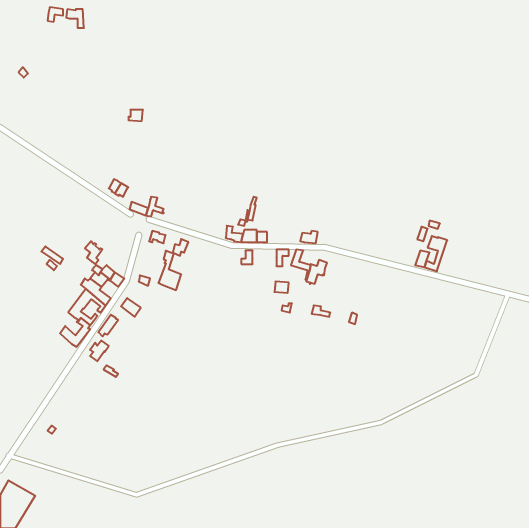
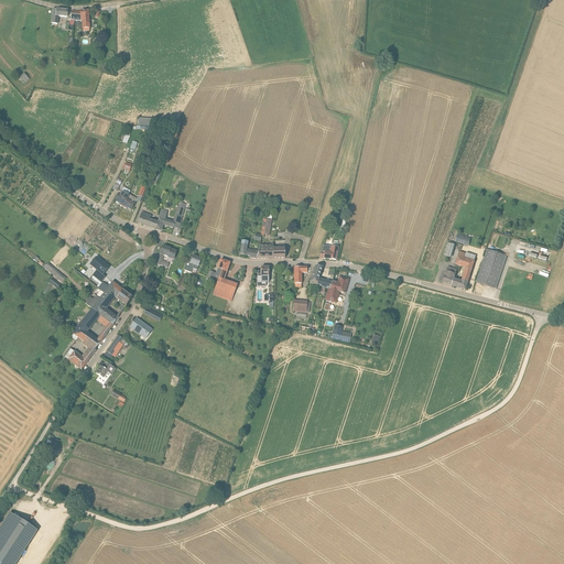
building: none -> [476,248,507,288]
building: [158,251,181,290] -> [213,259,237,301]

